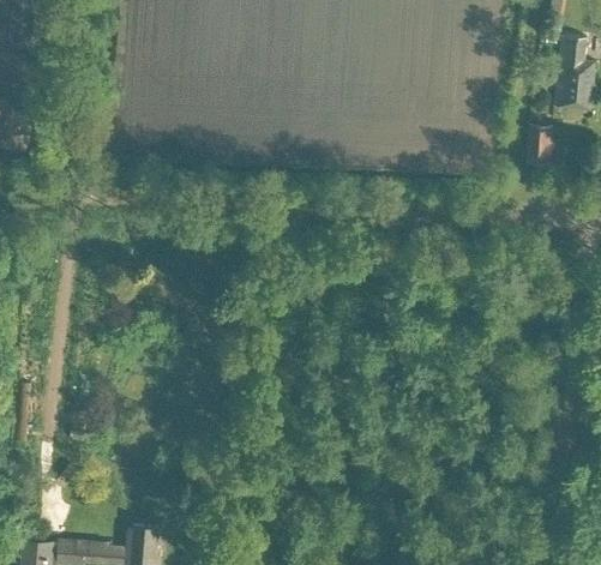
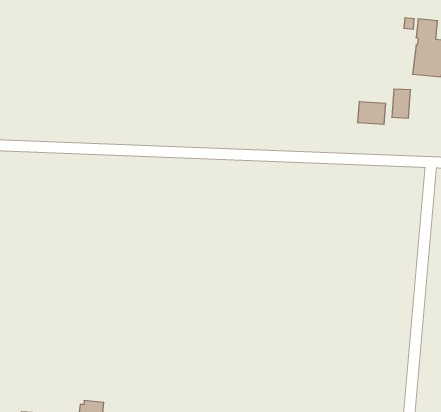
building: none -> [358,101,386,125]

